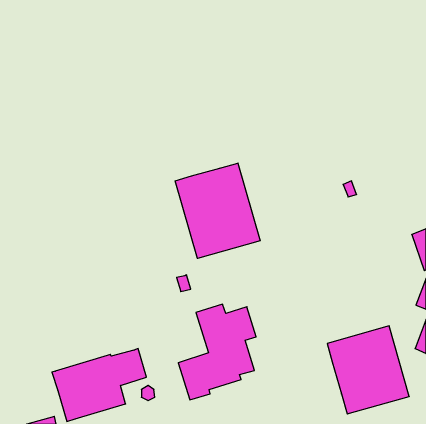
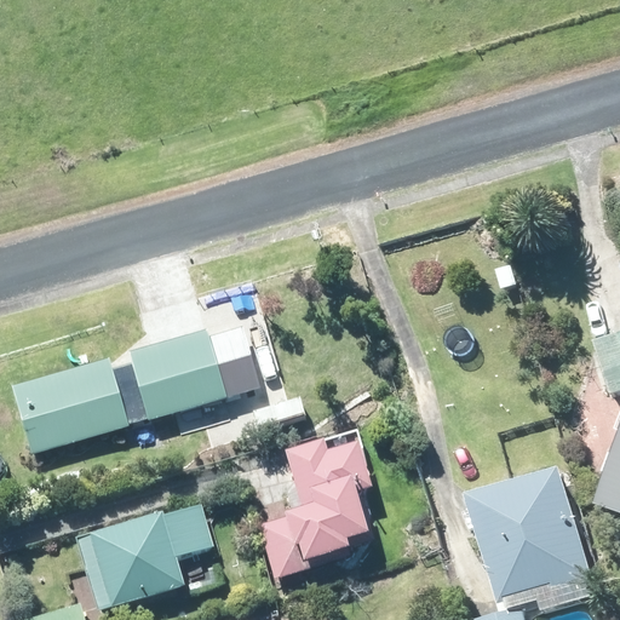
building: [175,163,260,258] -> none
building: none -> [10,326,270,450]

